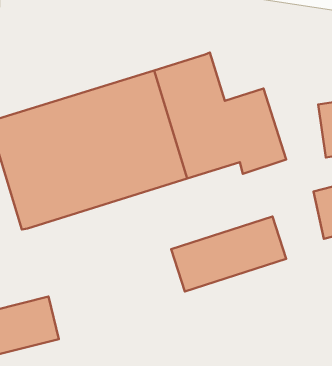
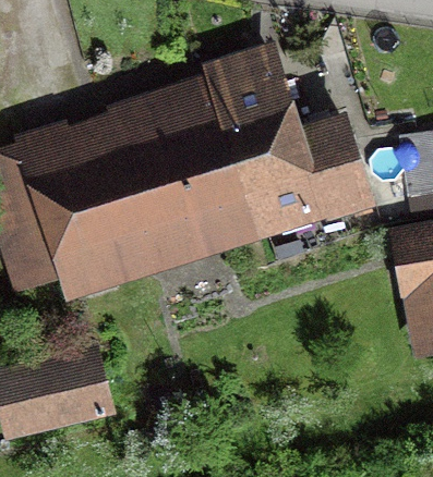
building: [171,217,286,291] -> none

